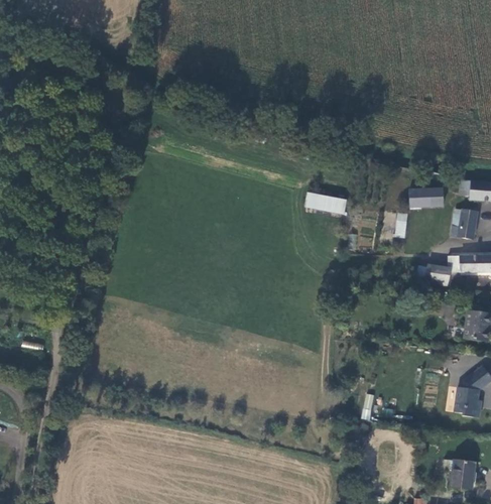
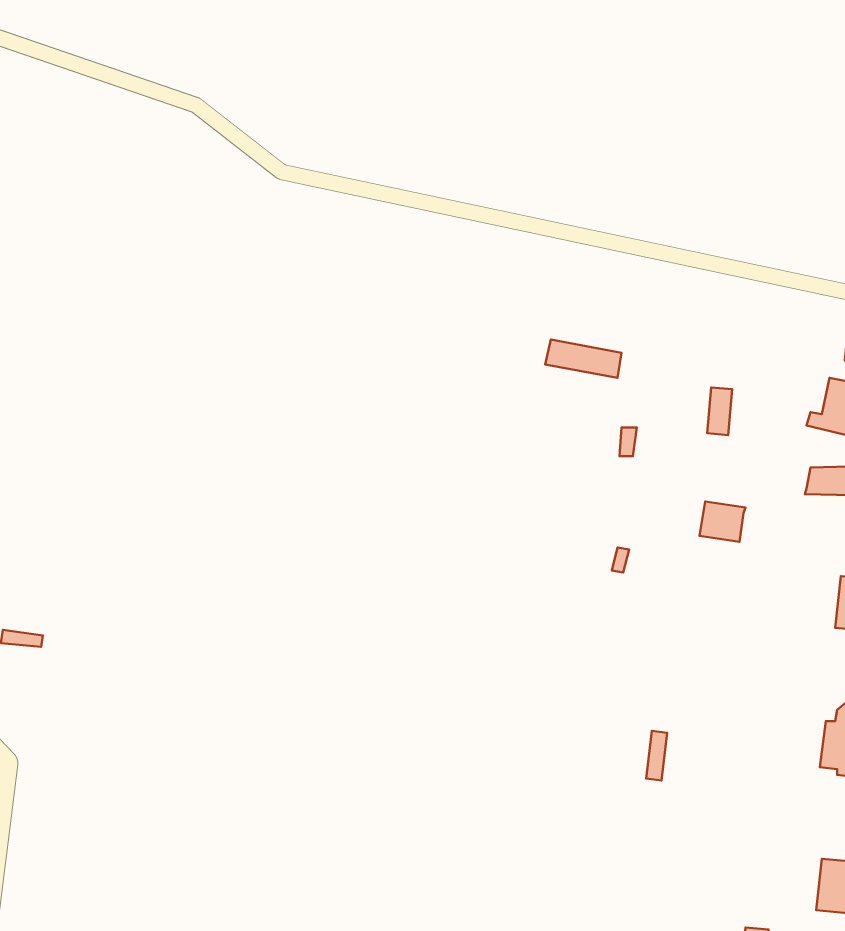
building: [408,186,443,206] -> none
building: [423,264,448,285] -> [700,502,745,542]

